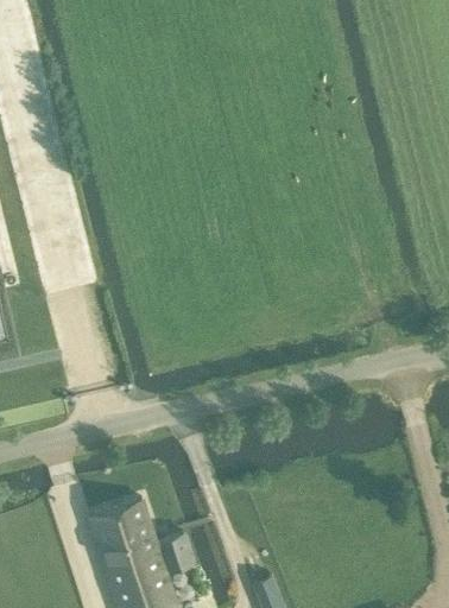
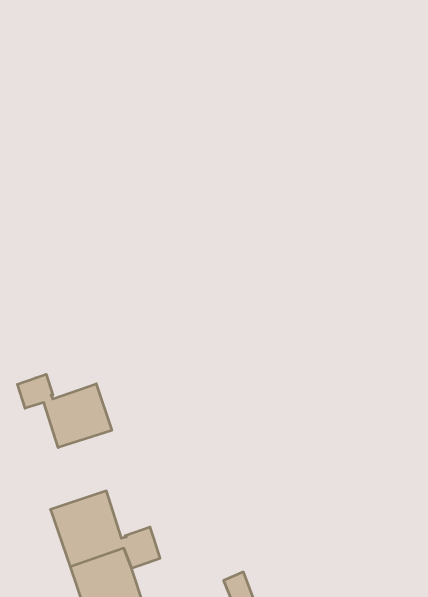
building: none -> [17,374,112,448]

